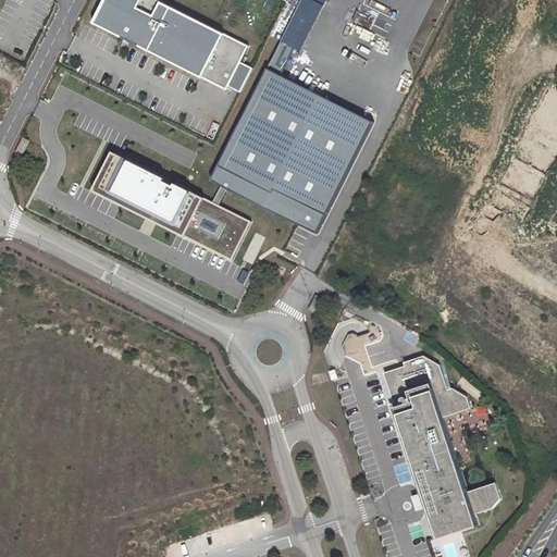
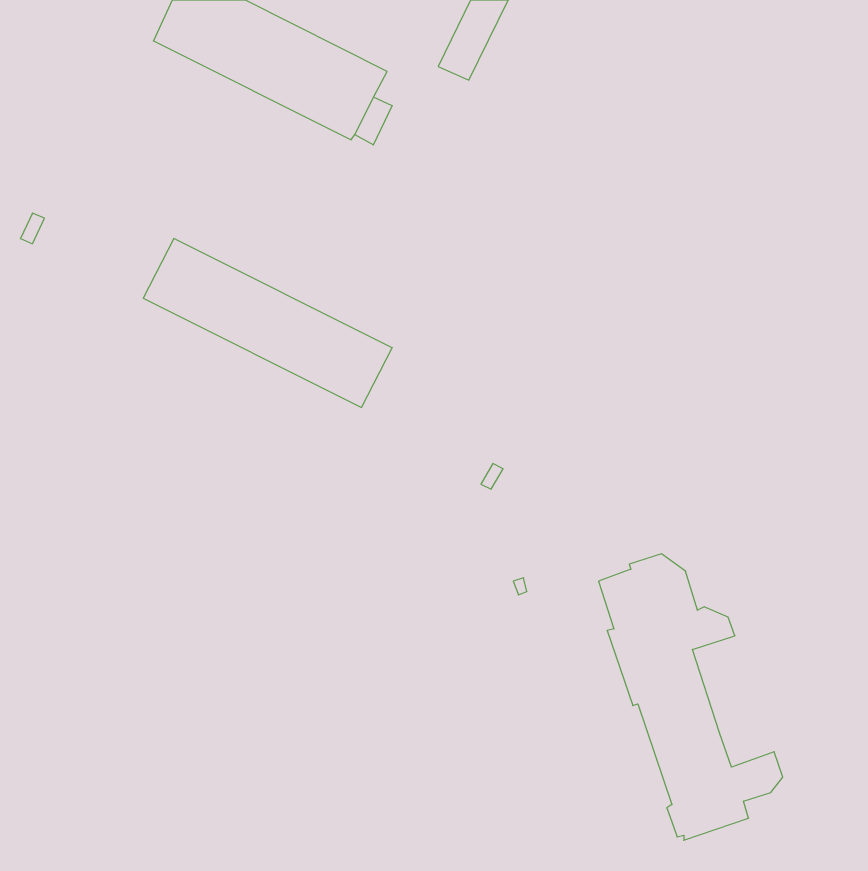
building: [209,69,372,234] -> none

